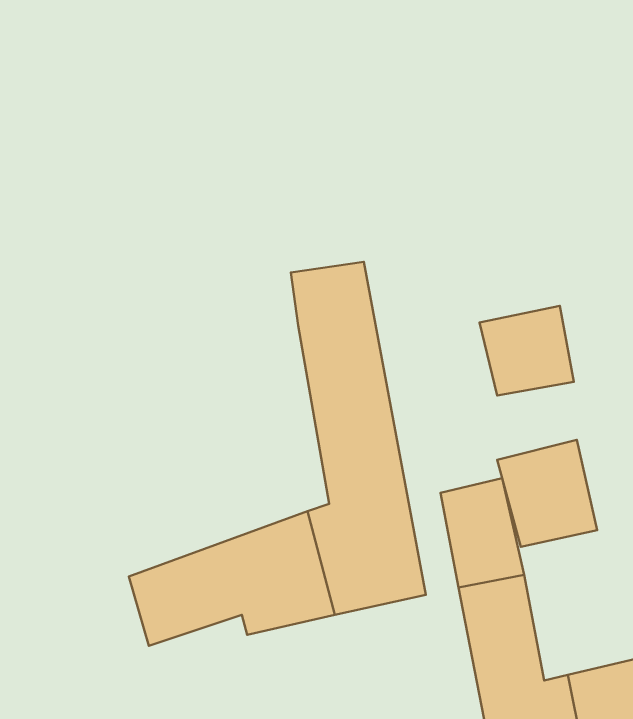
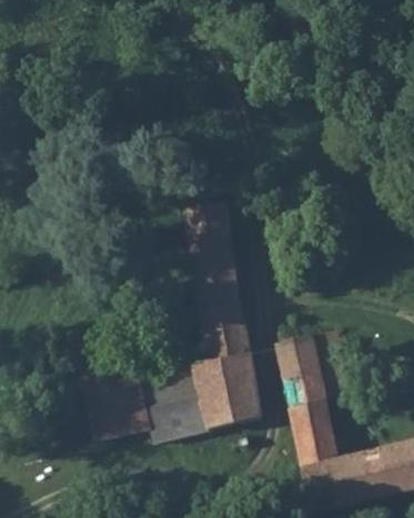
building: [479,306,574,396] -> none
building: [497,440,597,547] -> none

